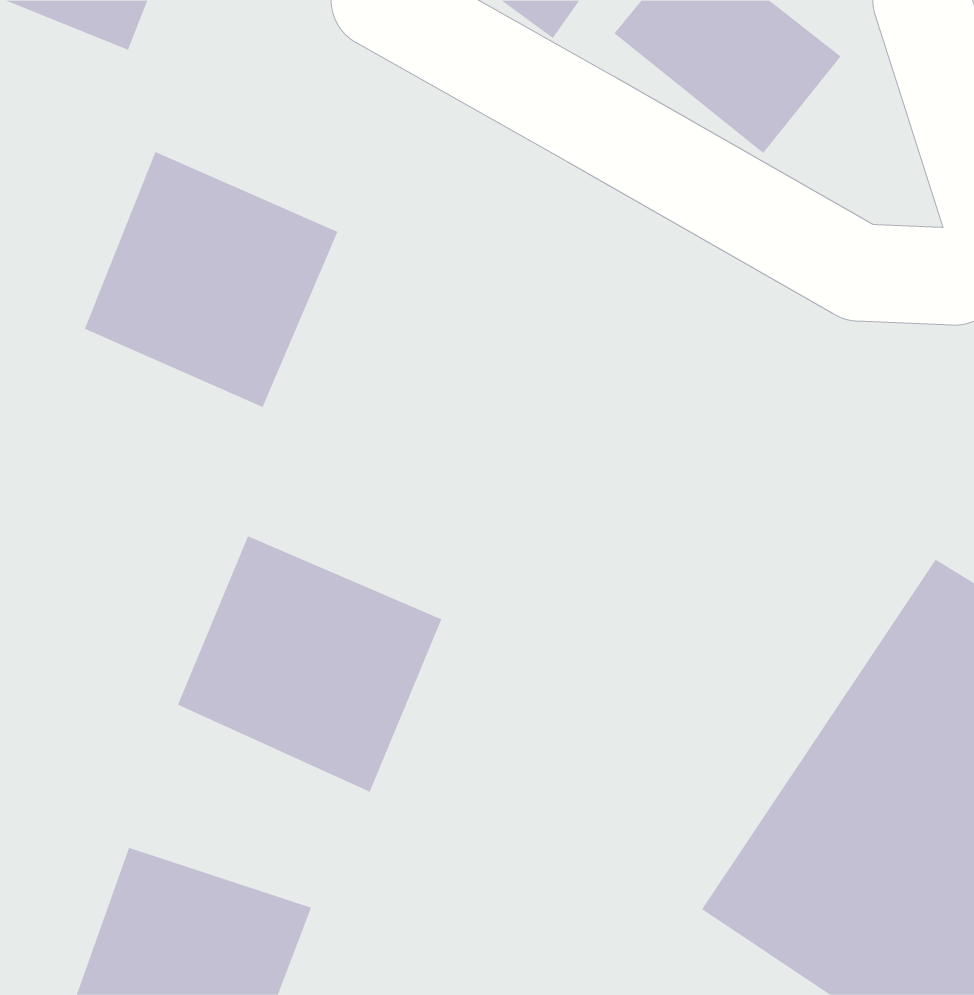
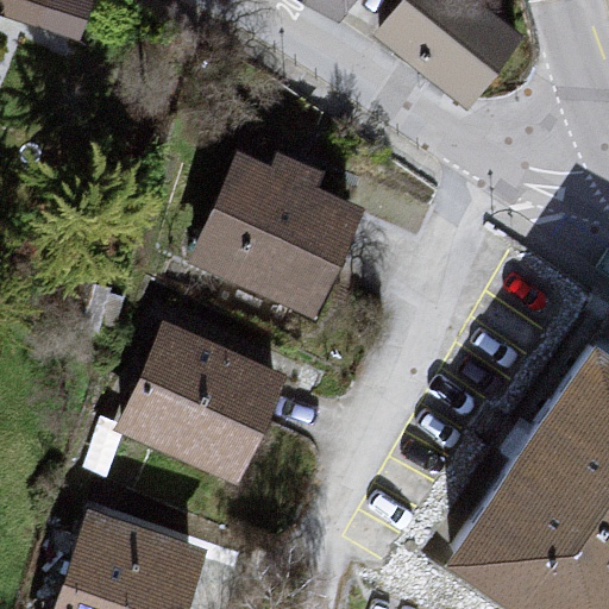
building: [84,151,338,408] -> none
building: none -> [190,149,358,320]

